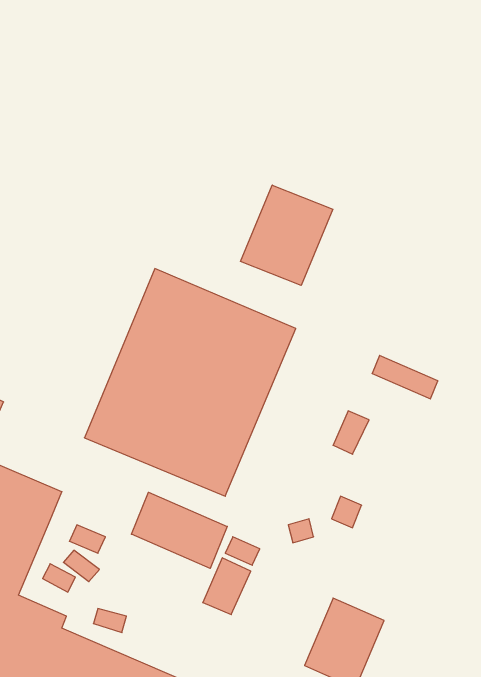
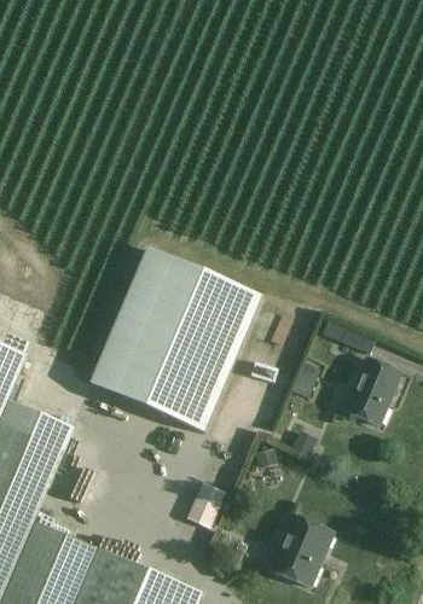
building: [240,185,333,285] -> none
building: none -> [344,356,400,424]
building: [131,492,227,568] -> none

